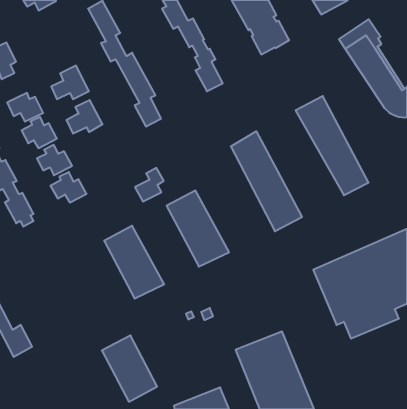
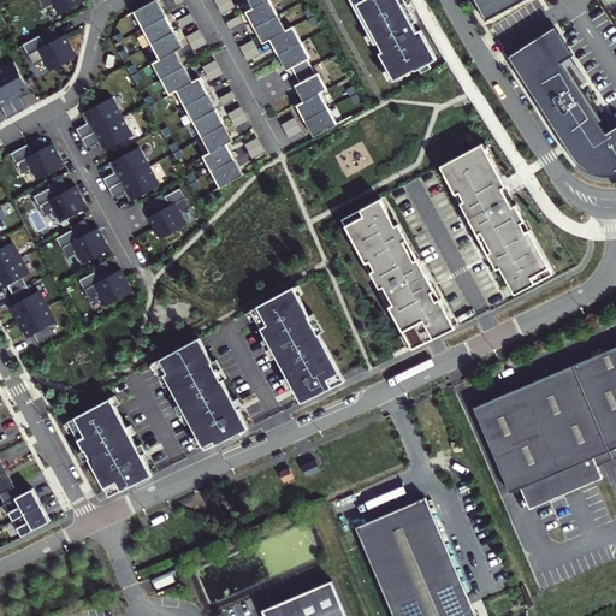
building: none -> [22,36,73,71]
building: [135,168,164,202] -> [147,190,190,241]
building: [102,335,157,402] -> [65,396,148,496]

